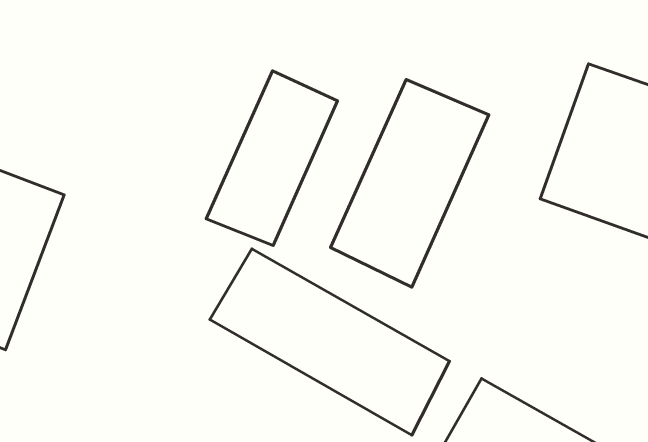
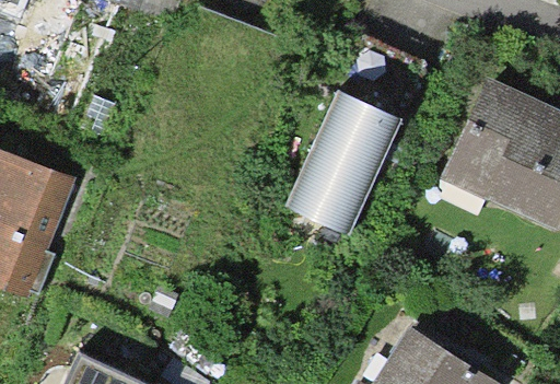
building: [206,71,338,245] -> none
building: [210,249,449,435] -> none

